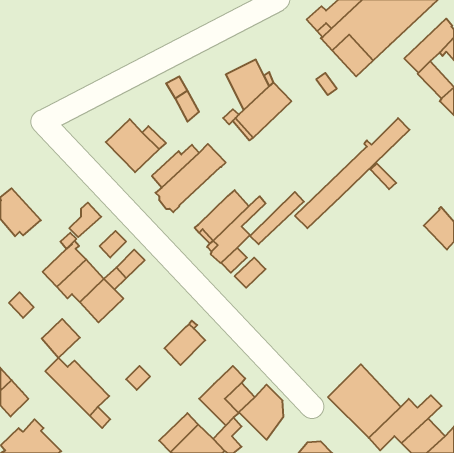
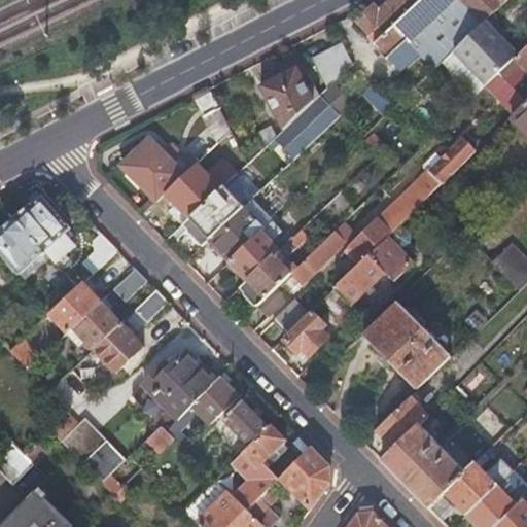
building: none -> [452,5,517,68]
building: none -> [312,43,351,87]
building: none -> [13,198,71,260]
building: none -> [208,205,264,260]
building: none -> [333,227,405,304]
building: none -> [362,300,450,388]
building: none -> [281,310,327,355]
building: none -> [141,350,215,418]
building: none -> [376,395,426,447]
building: none -> [222,400,267,445]

